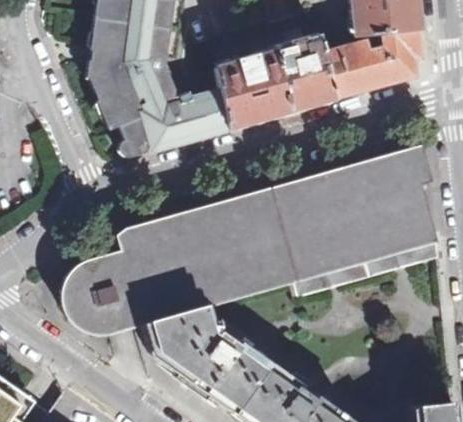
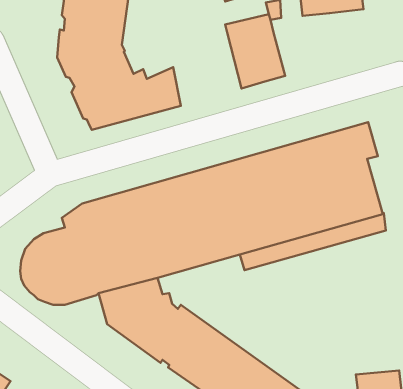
building: [324,28,420,97] -> none
building: [216,48,291,128] -> none

